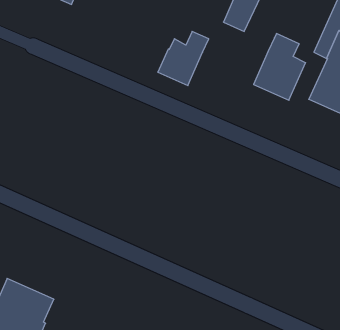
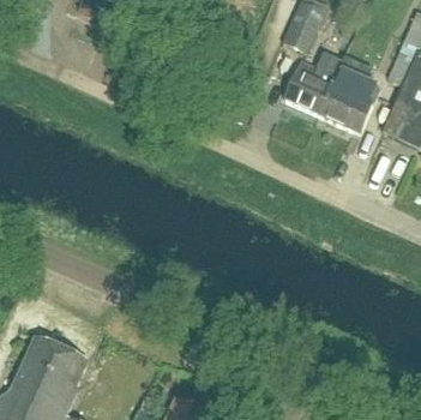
building: [158,31,209,86] -> [284,50,343,113]

